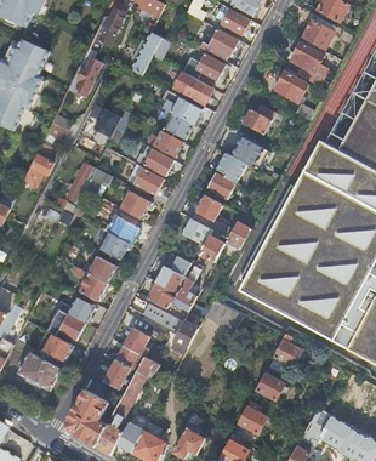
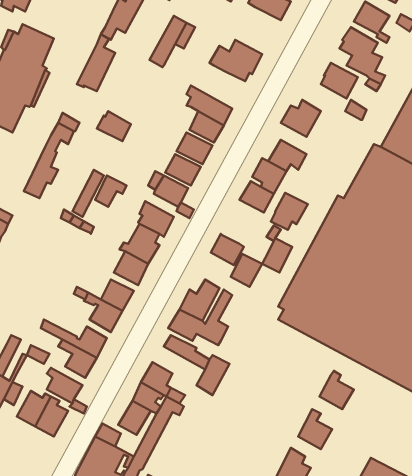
building: [199,29,239,61] -> none
building: [176,74,212,103] -> none
building: [192,194,223,226] -> [271,193,308,230]

